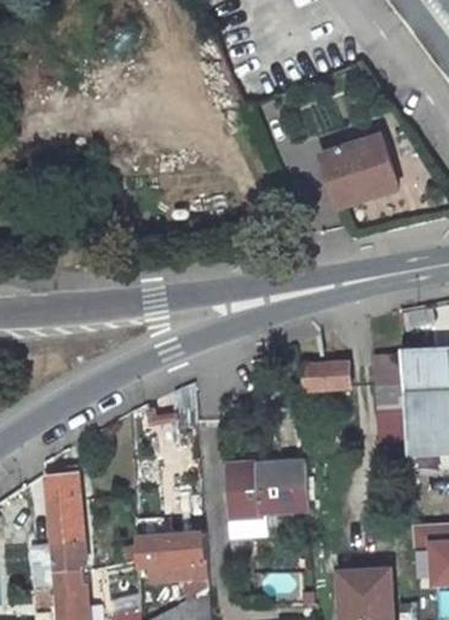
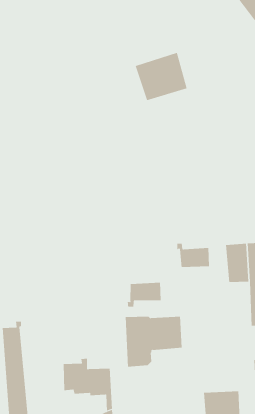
building: [321,137,397,207] -> [135,52,188,101]
building: none -> [127,282,161,308]

